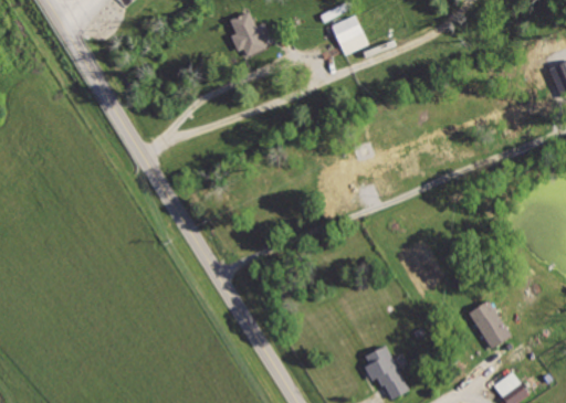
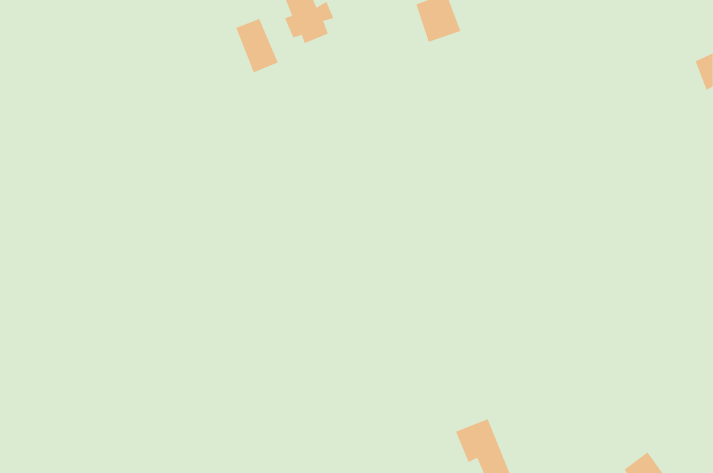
building: none -> [236,18,278,73]
building: [469,300,510,348] -> none

